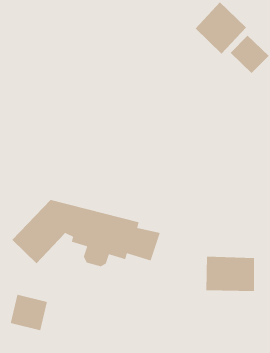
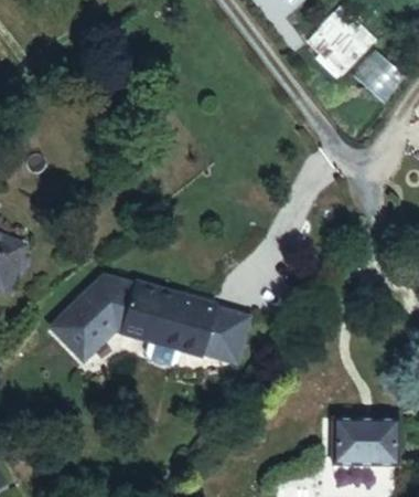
building: [205,256,255,292] -> [330,420,397,468]
building: [10,294,48,331] -> none

